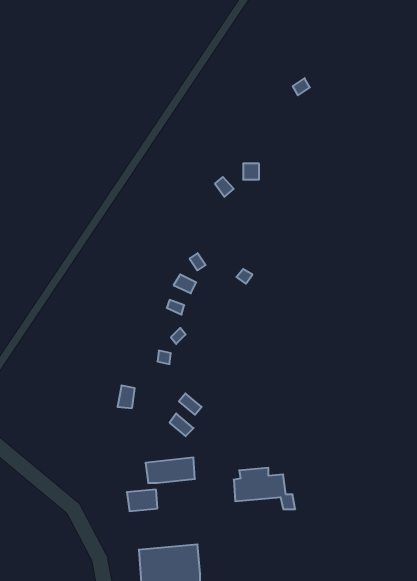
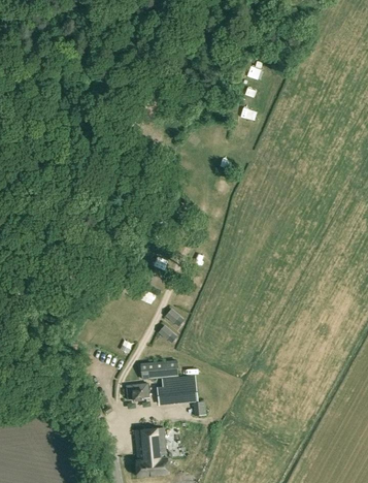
building: [234,468,295,509] -> [157,378,204,410]

